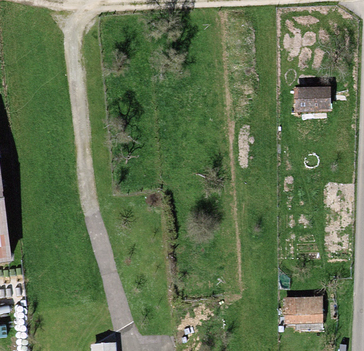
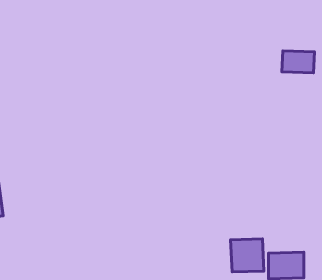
building: none -> [231,239,264,272]

